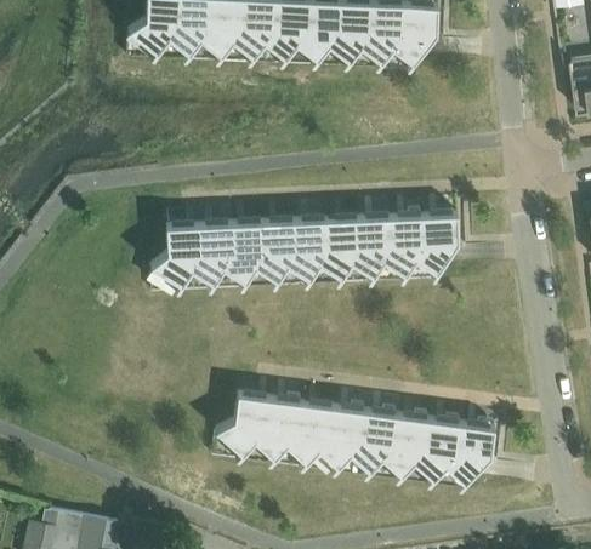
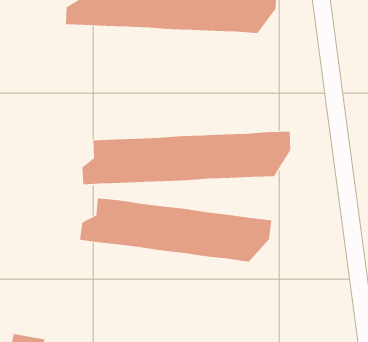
building: [212,391,496,486] -> [79,198,272,262]

